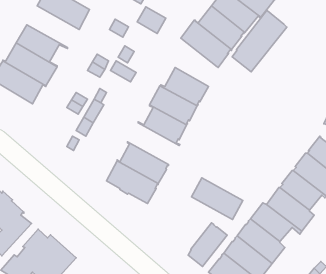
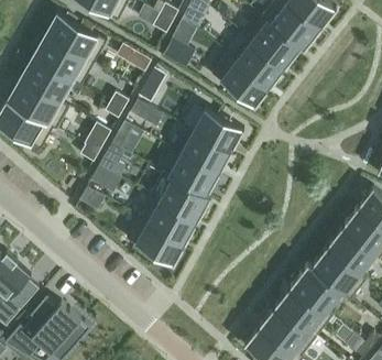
building: none -> [34,36,95,85]
building: [232,11,287,72] -> none
building: [191,178,243,220] -> [151,172,210,220]
building: [188,223,227,267] -> none

